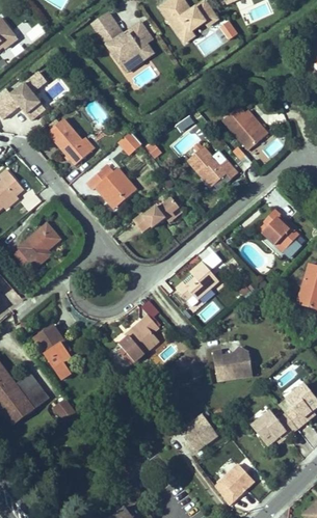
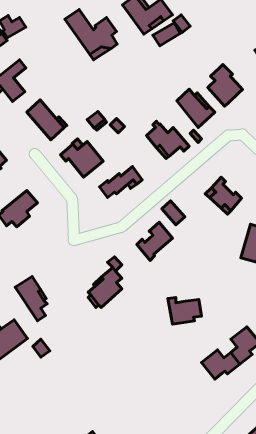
building: none -> [208,64,243,106]
building: [180,413,217,451] -> none
building: [213,464,254,505] -> none

